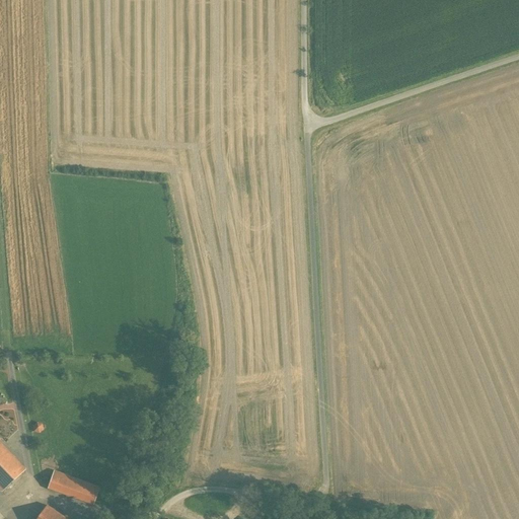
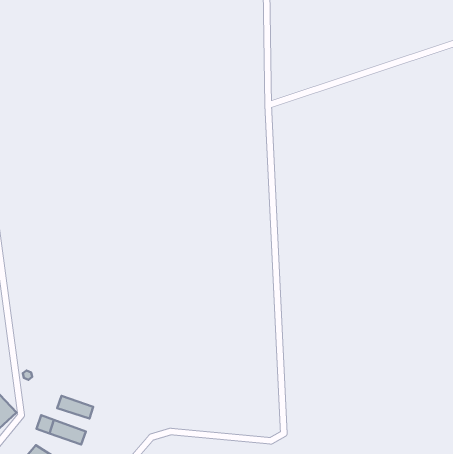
building: none -> [57,396,93,418]

